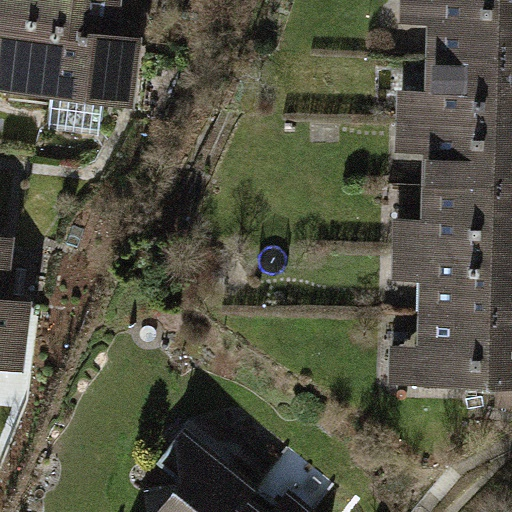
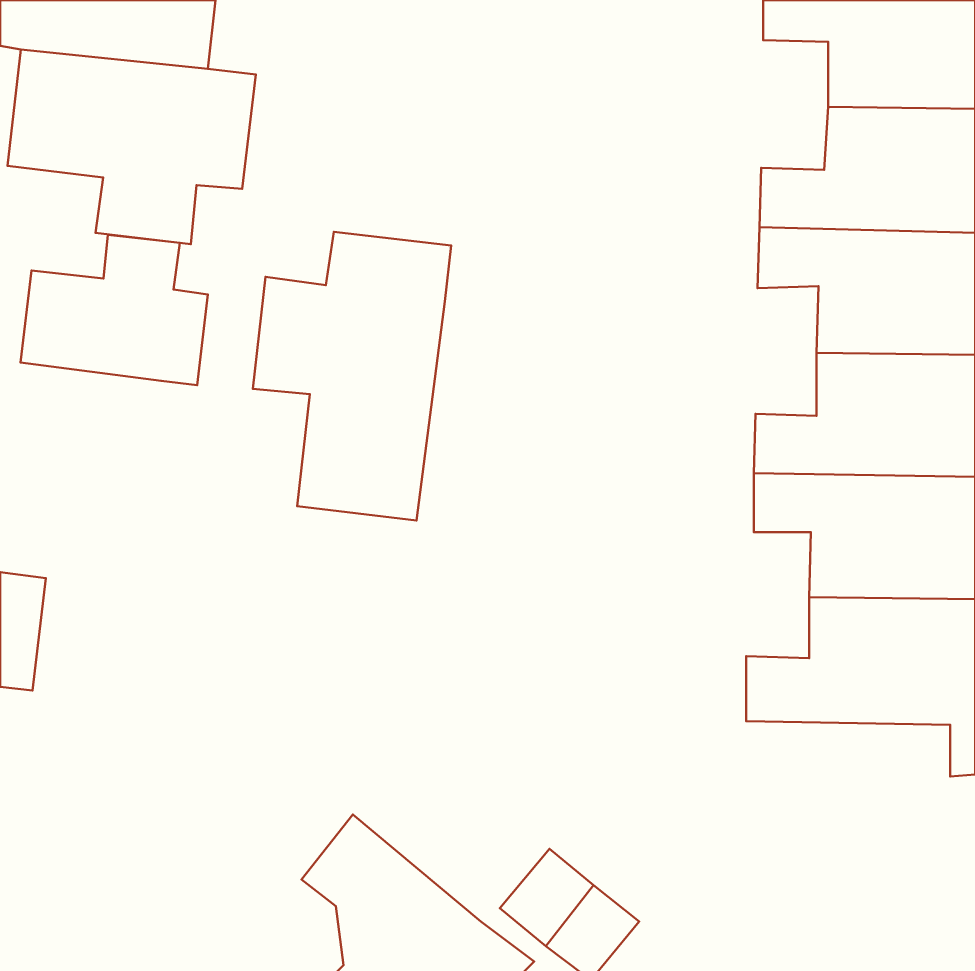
building: none -> [253,232,451,520]
building: none -> [21,235,208,385]

